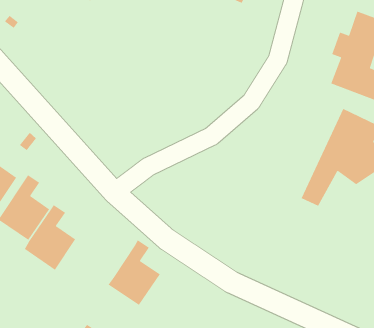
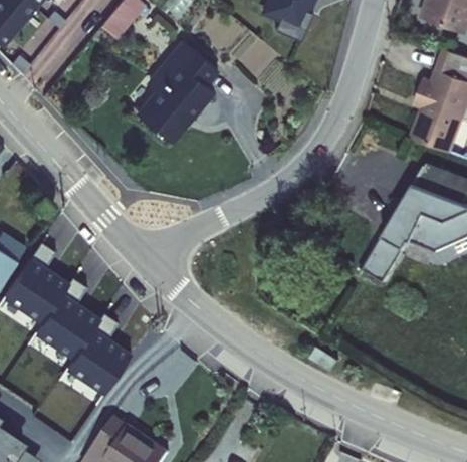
building: none -> [141,40,222,143]
building: [108,239,161,306] -> [68,317,133,398]

